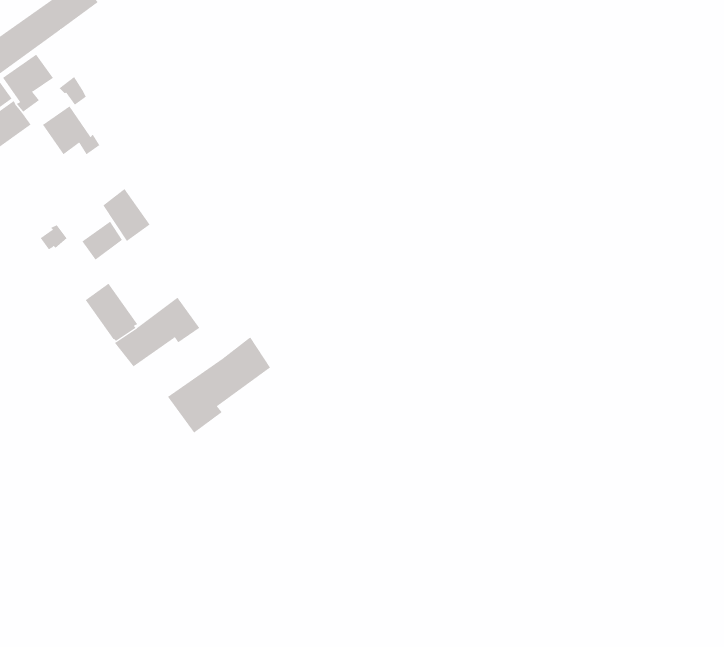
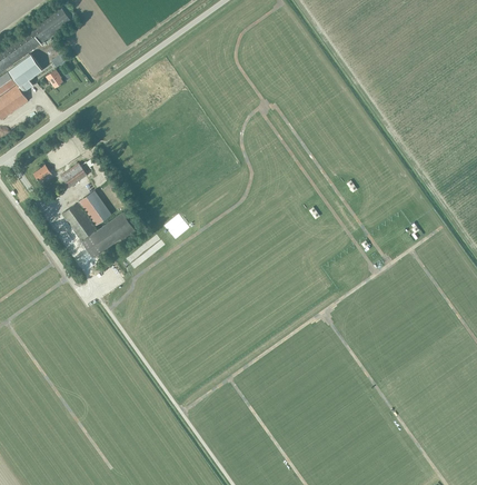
building: [42,105,100,155] -> none
building: [102,188,151,242] -> [80,191,111,226]
building: [167,337,271,434] -> none

